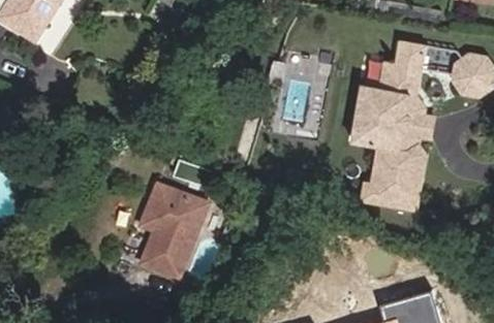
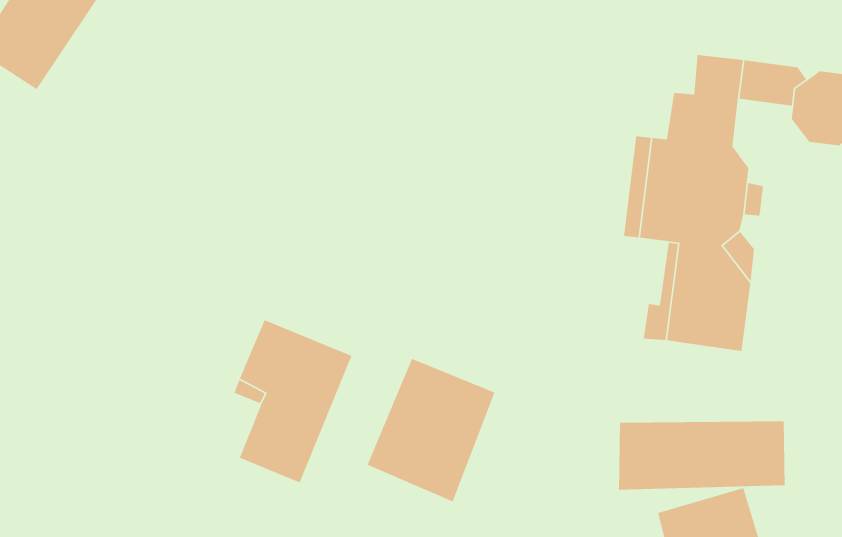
building: none -> [366,358,495,502]
building: none -> [618,420,786,490]

